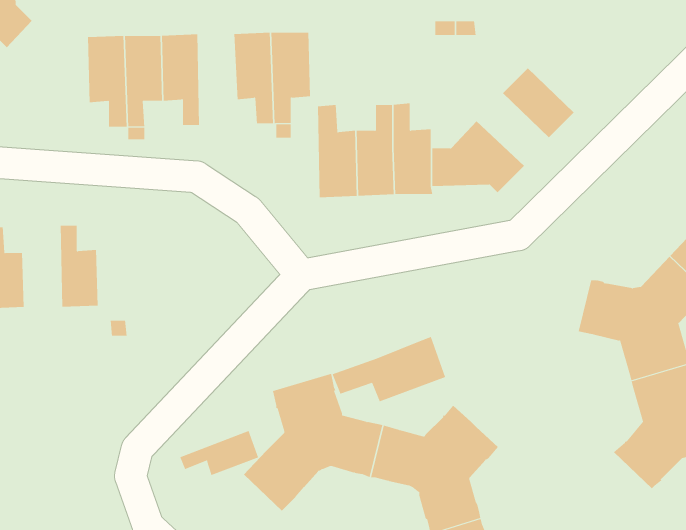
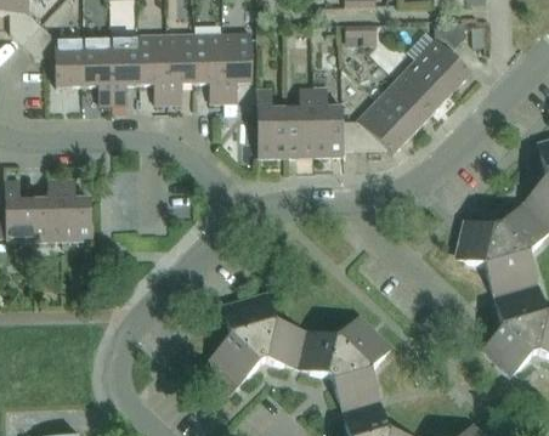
building: none -> [415,22,470,94]
building: none -> [22,24,84,86]
building: none -> [166,34,196,103]
building: none -> [377,79,431,134]
building: none -> [34,179,63,240]
building: [332,336,446,402] -> none
building: [180,430,259,476] -> none

